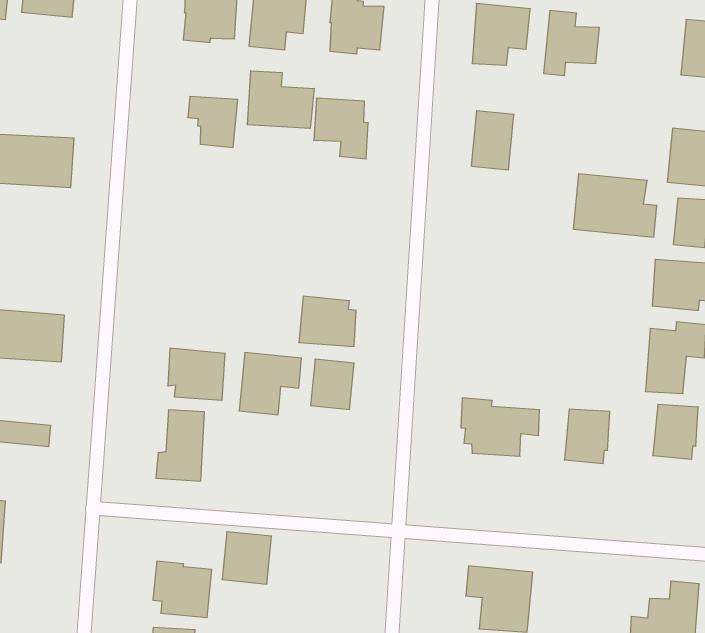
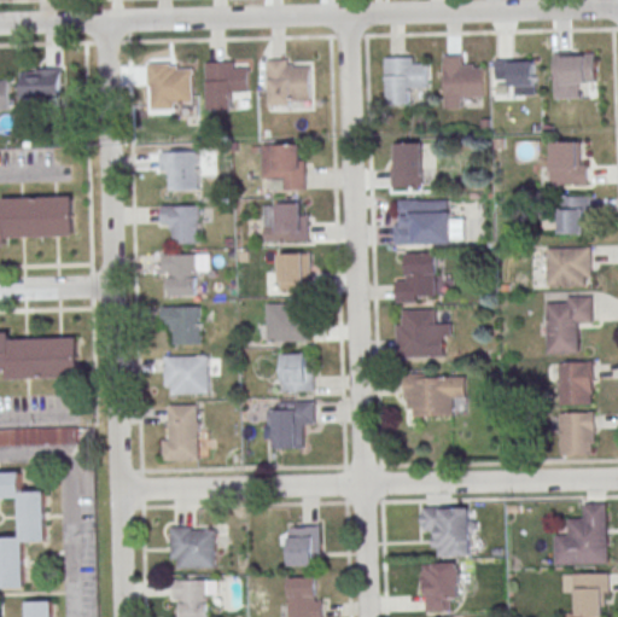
building: none -> [492,59,532,95]
building: [247,71,314,129] -> none
building: none -> [159,205,199,245]
building: none -> [263,204,305,241]
building: [573,174,657,237] -> [392,199,457,244]
building: none -> [161,254,197,297]
building: none -> [278,254,308,290]
building: none -> [393,252,433,301]
building: none -> [161,305,199,345]
building: none -> [395,309,443,357]
building: [239,353,302,415] -> [268,401,314,448]
building: [564,409,610,464] -> [559,412,593,454]
building: [222,532,272,584] -> [281,526,317,565]

